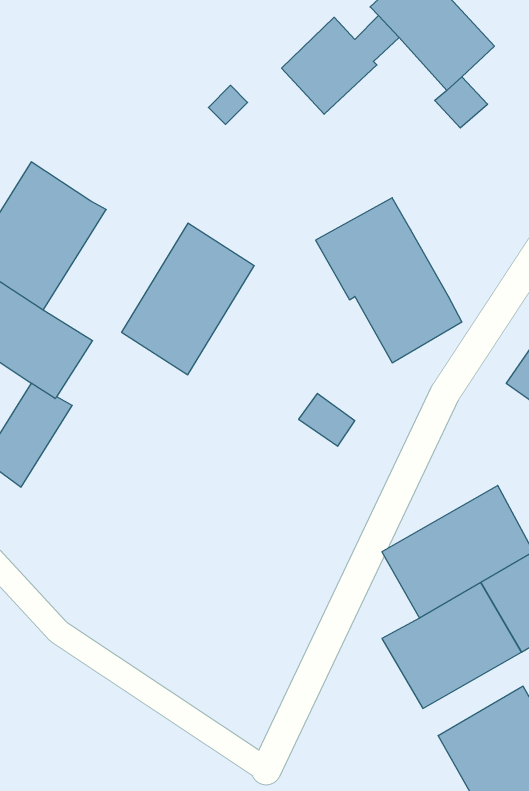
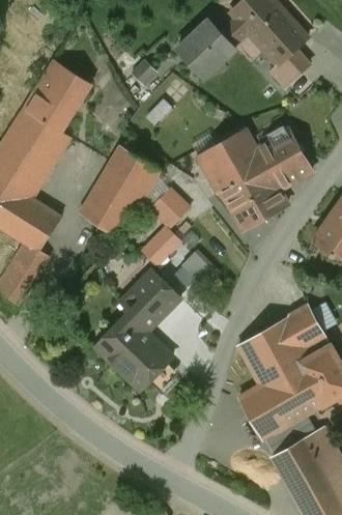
building: none -> [24,60,90,132]
building: none -> [255,131,311,190]
building: none -> [144,182,197,264]
building: none -> [95,271,179,390]

